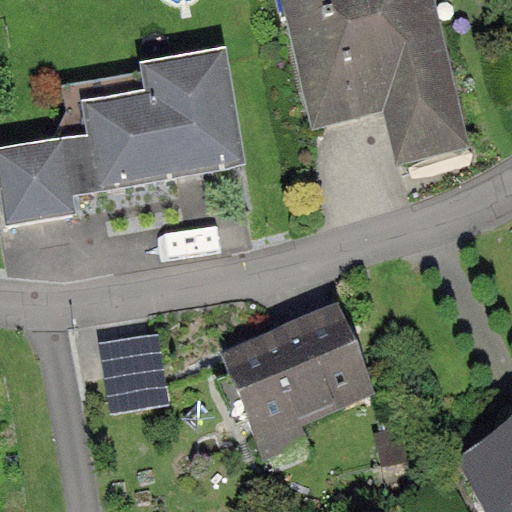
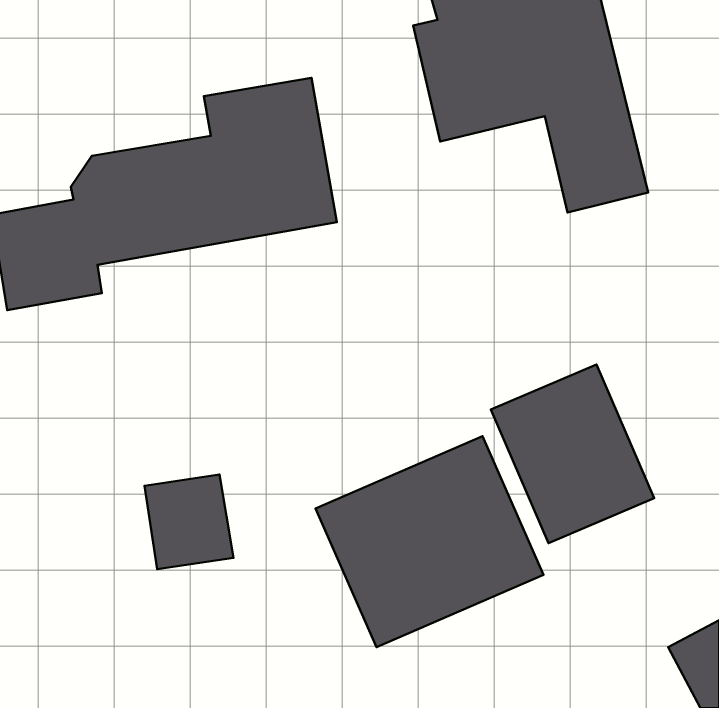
building: none -> [491,365,654,543]

